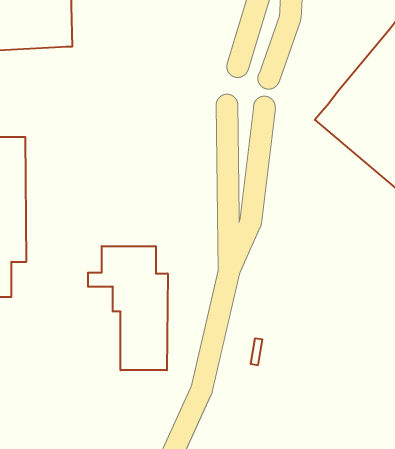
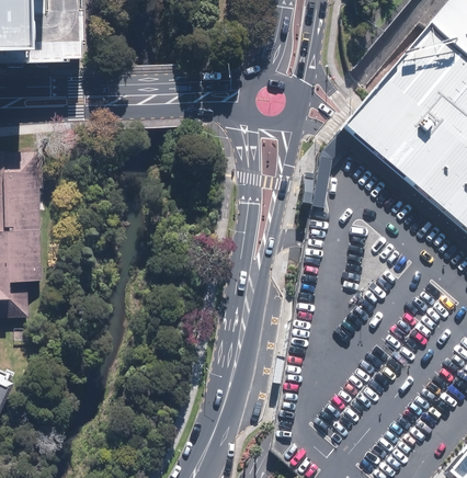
building: [88,246,168,370] -> none

